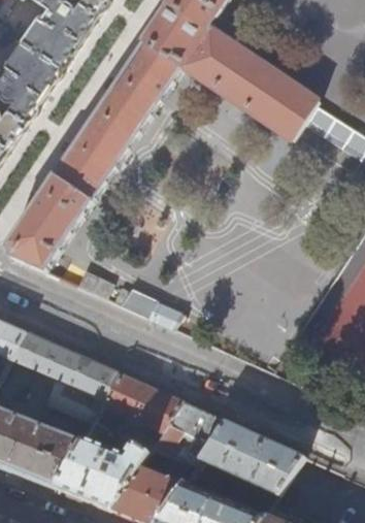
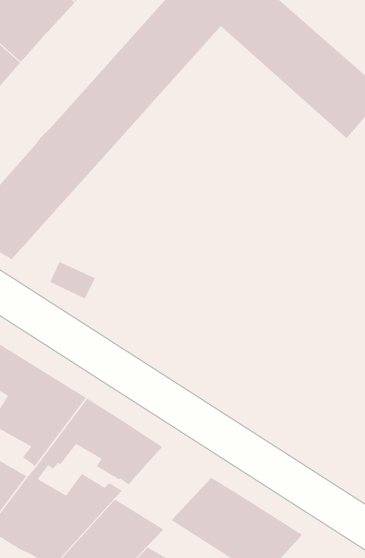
building: [115,287,182,329] -> none
building: [150,401,223,466] -> none

